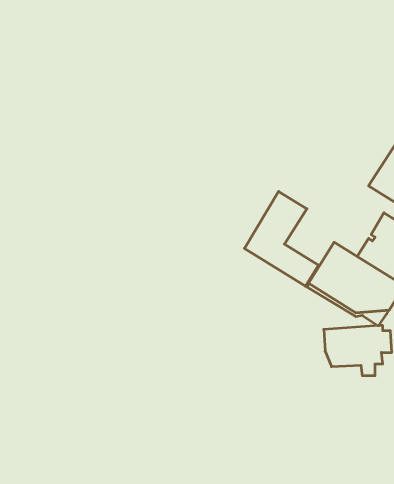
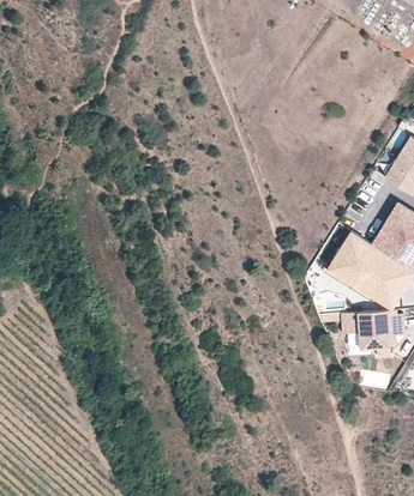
building: [244,191,319,286] -> none

